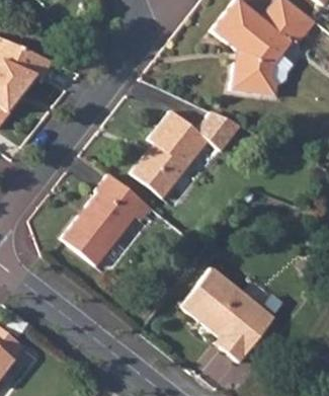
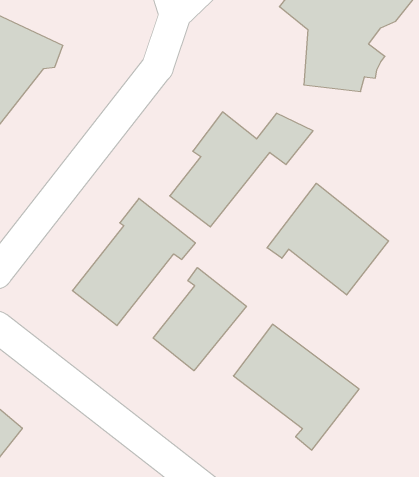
building: none -> [267,183,389,295]
building: none -> [153,268,246,371]

